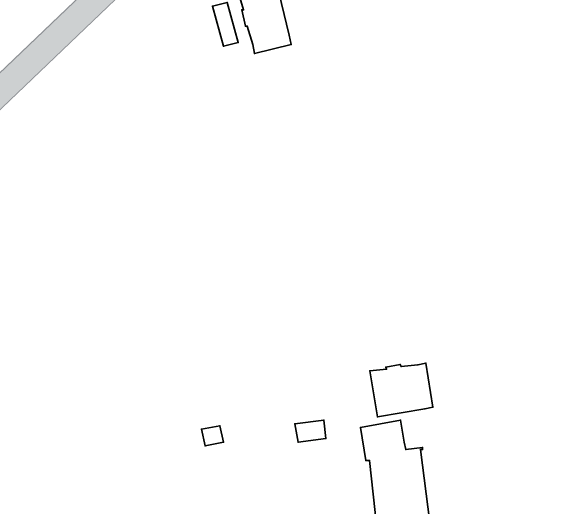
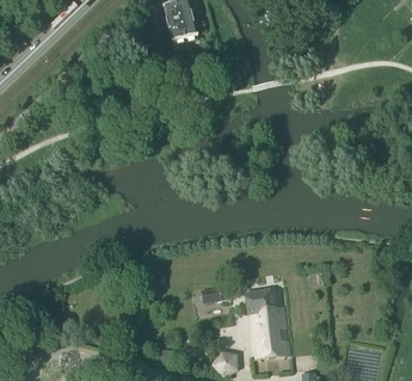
building: [370,363,433,417] -> none

